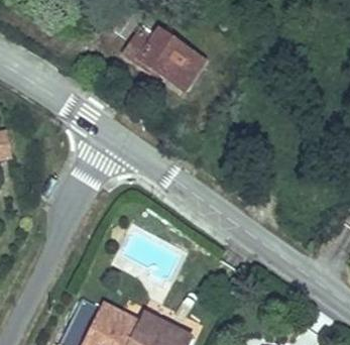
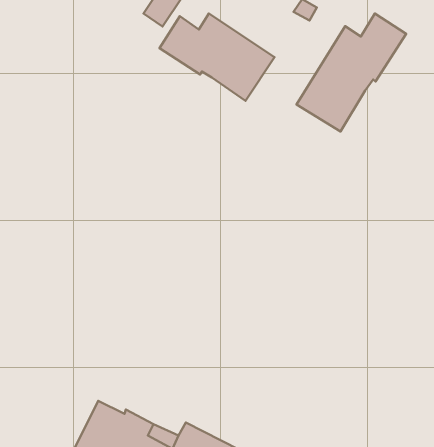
building: none -> [297,13,406,132]

